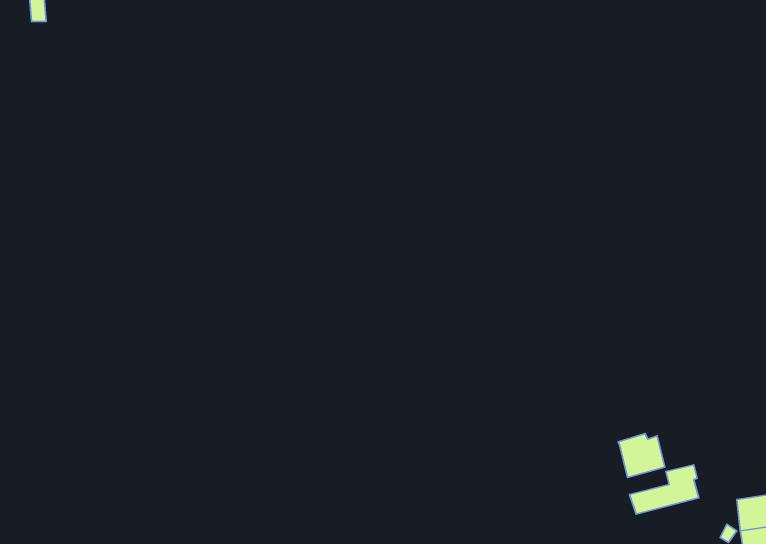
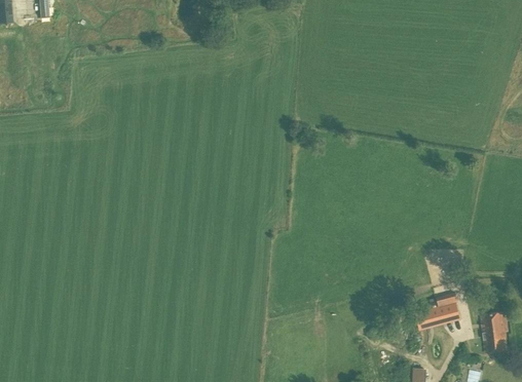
building: [618,433,665,478] -> none

